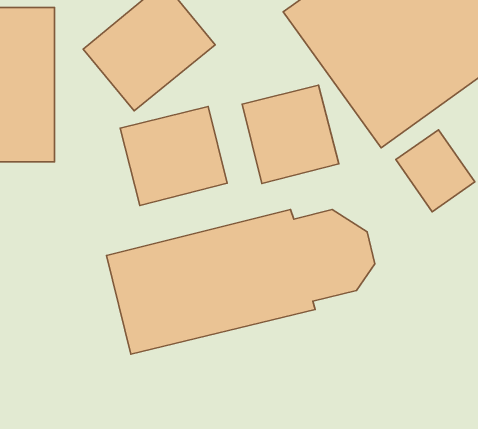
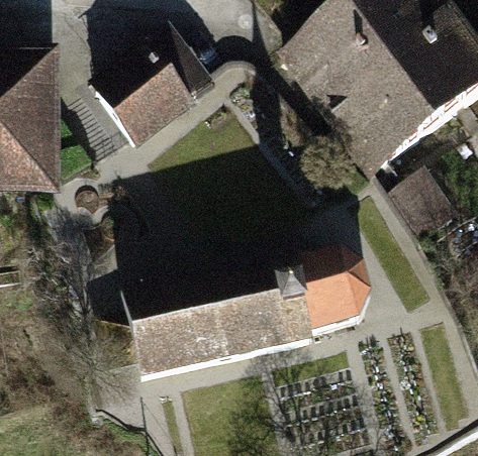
building: [242,85,339,184] -> none
building: [120,106,227,206] -> none

